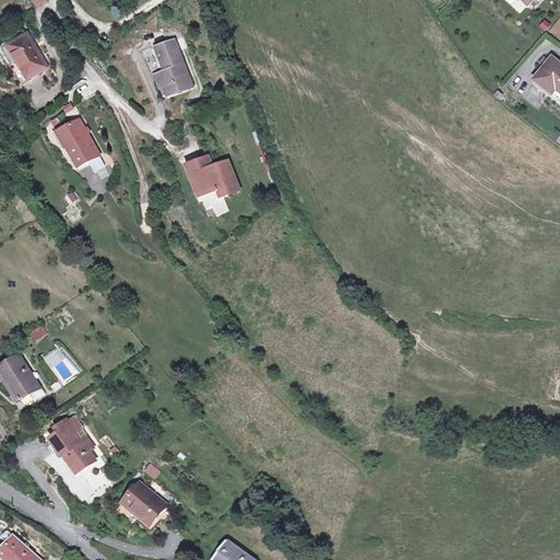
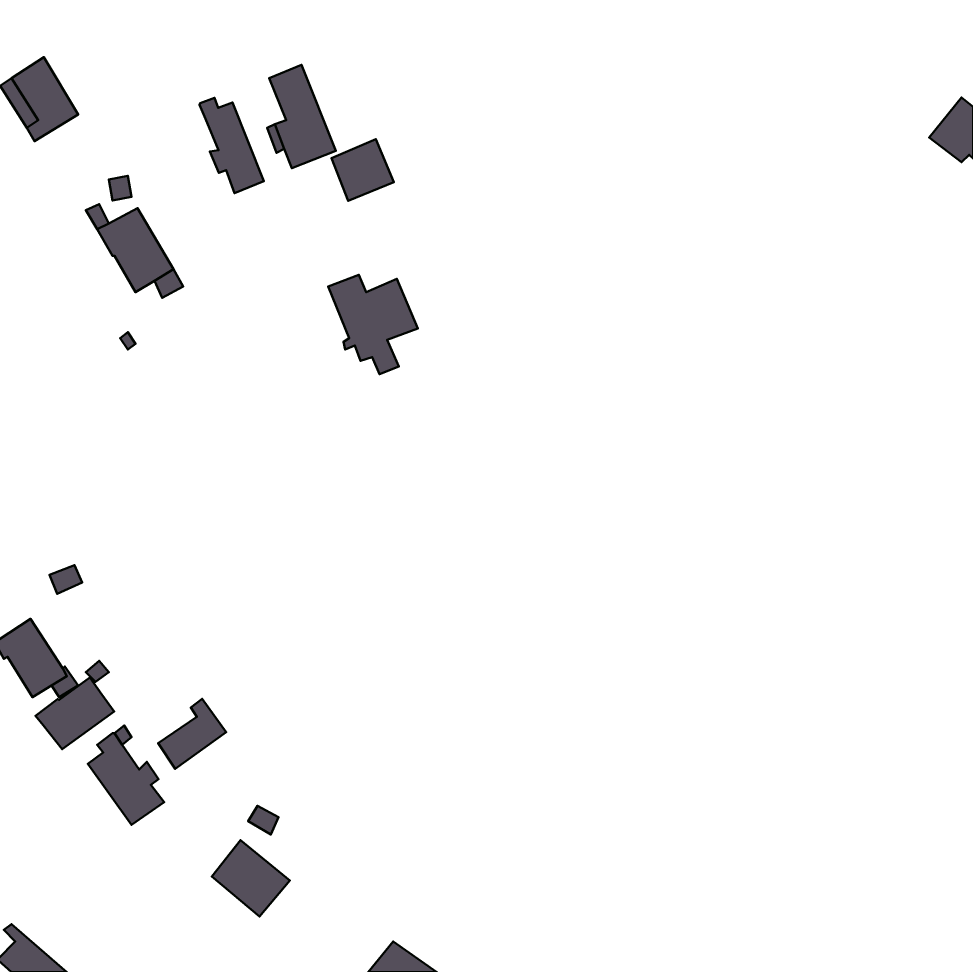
building: none -> [199,98,264,193]
building: none -> [332,139,394,201]
building: none -> [35,677,114,749]
building: none -> [158,699,226,769]

